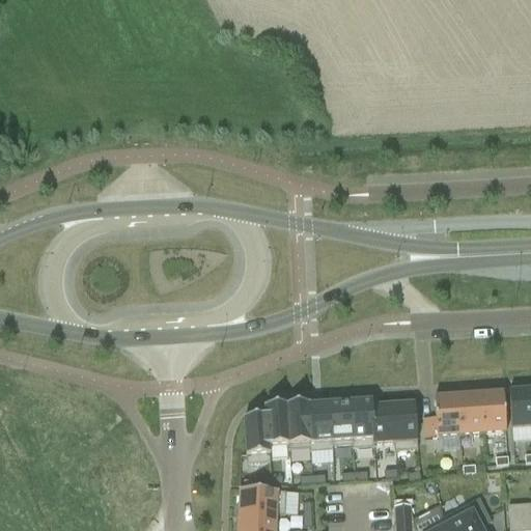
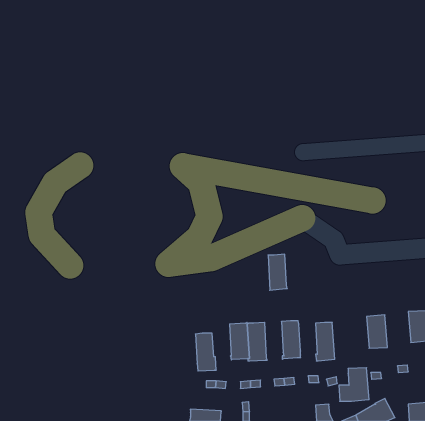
building: [480,390,506,431] -> none
building: [423,393,460,435] -> [339,368,369,401]
building: [331,399,355,444] -> [268,254,287,290]
building: [373,401,396,441] -> none
building: [264,402,289,443] -> none
building: [239,486,286,512] -> none

